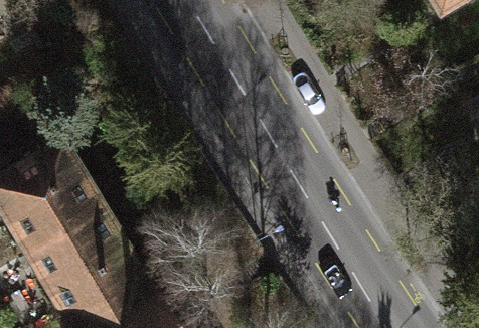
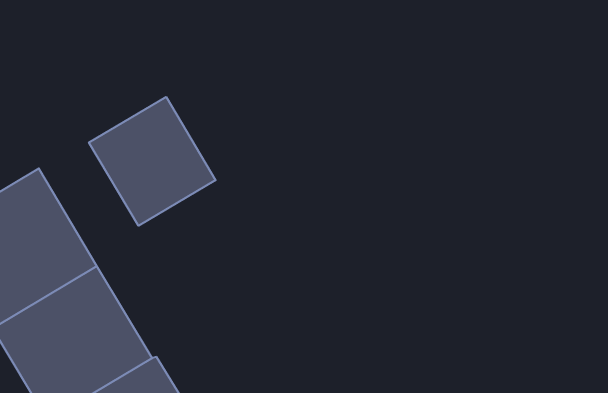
building: none -> [89,97,216,226]

